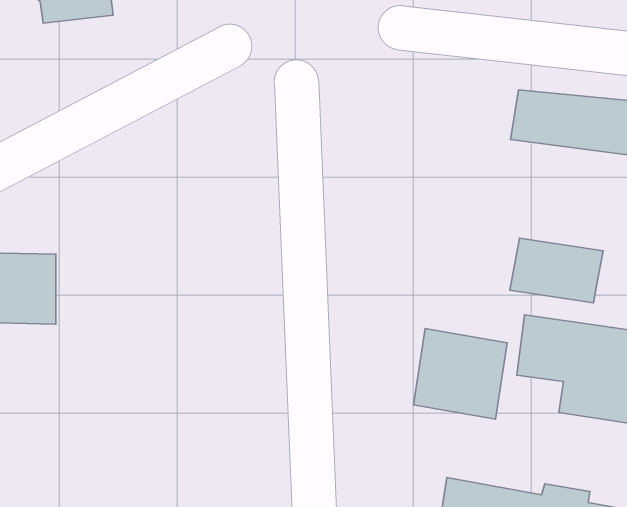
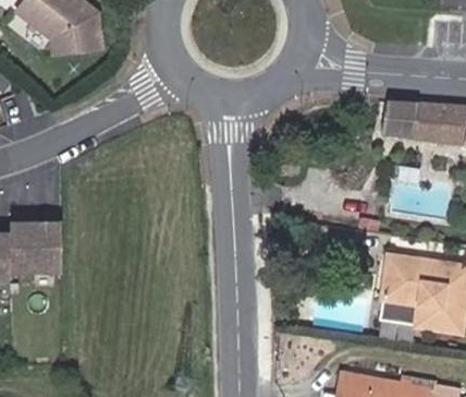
building: [510,238,603,303] -> none
building: [413,329,507,419] -> none

